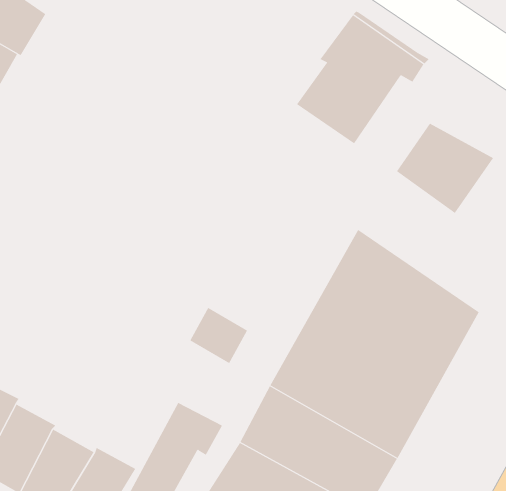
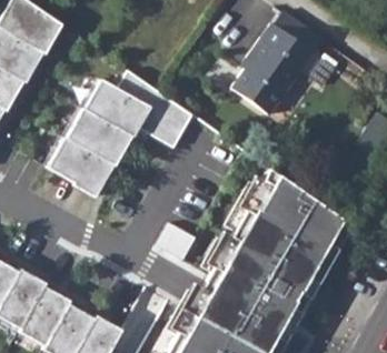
building: none -> [48,71,191,194]
building: [396,123,494,214] -> none

